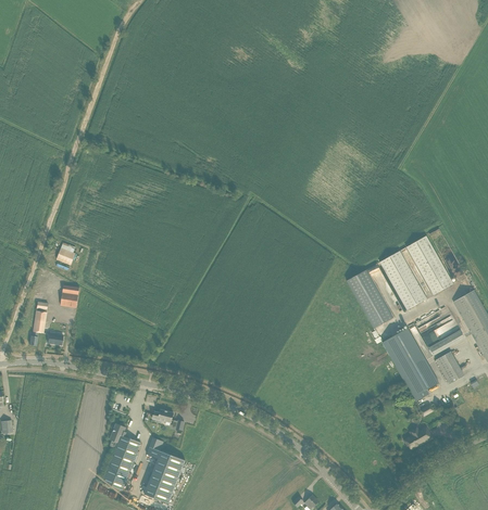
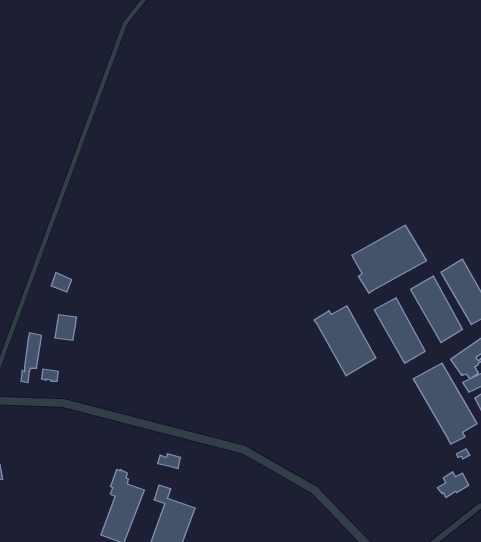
building: none -> [352,225,426,293]
building: none -> [314,306,376,376]

